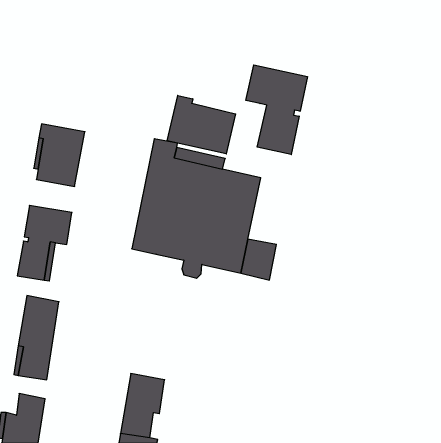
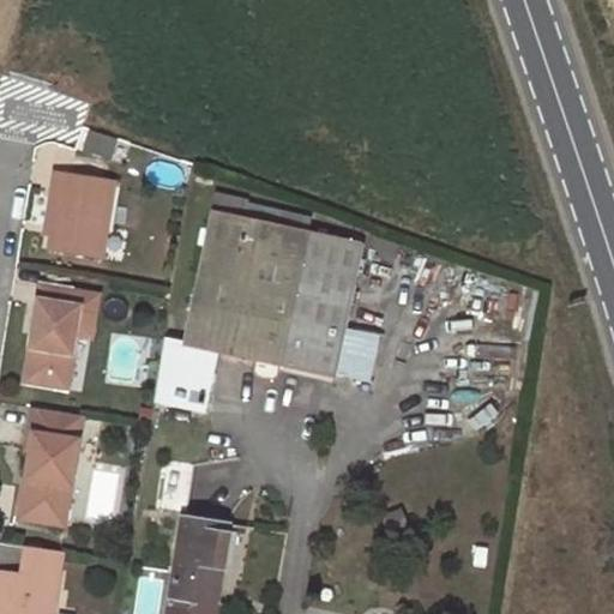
building: [246,65,307,155] -> none
building: [167,95,236,154] -> none
building: none -> [155,341,216,405]

